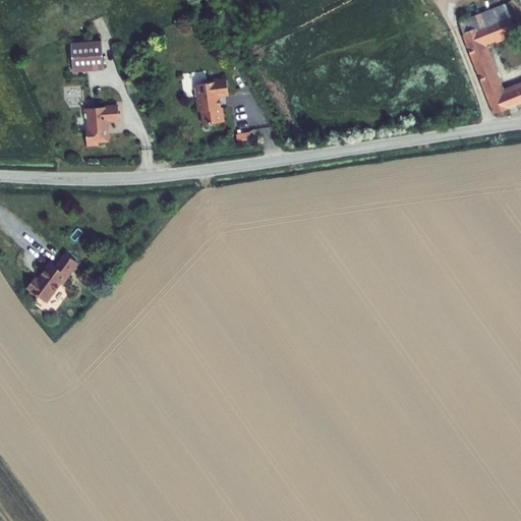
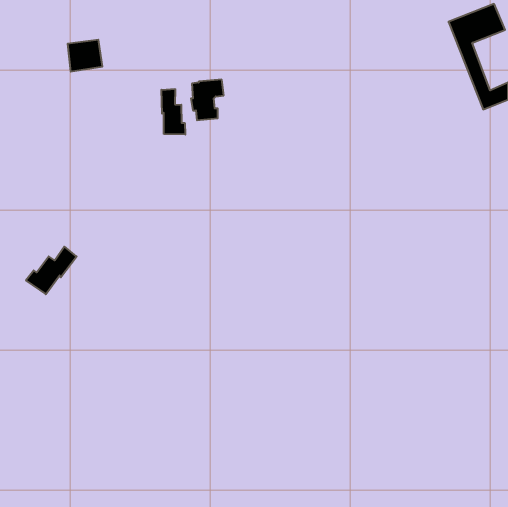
building: none -> [161,89,185,135]
building: [82,104,118,143] -> none

